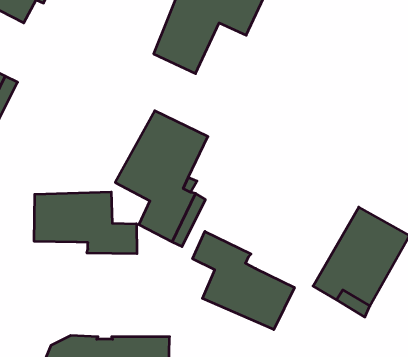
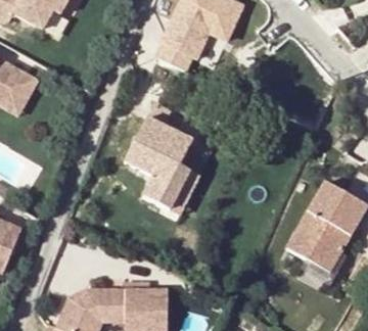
building: [34,192,137,254] -> none
building: [193,231,294,330] -> none

